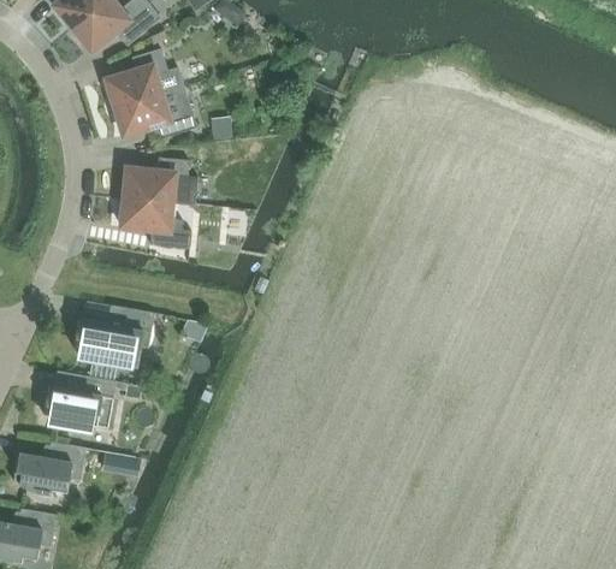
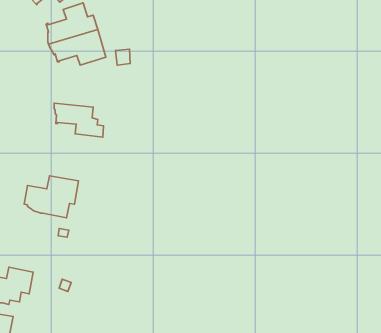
building: [117,158,188,203] -> none
building: [42,375,114,429] -> none

